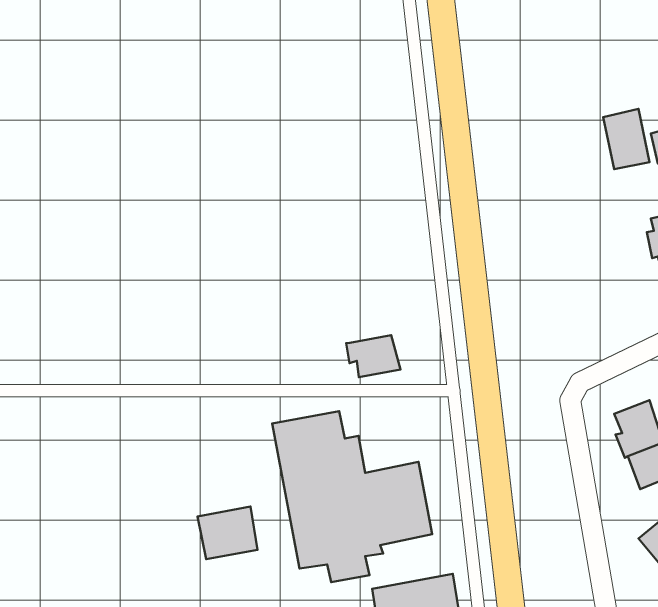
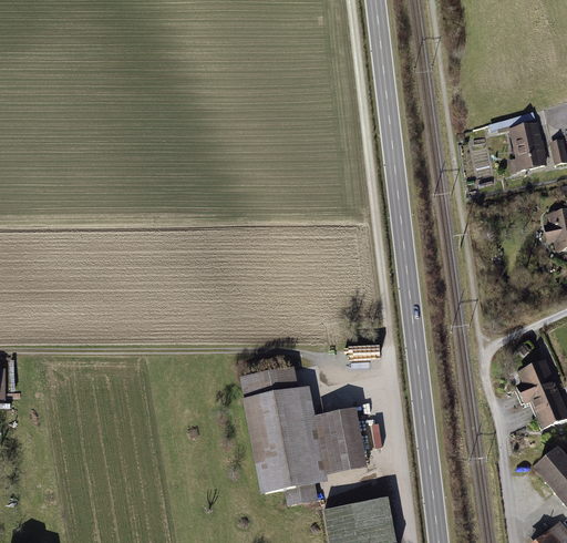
building: [346,335,401,377] -> none
building: [198,507,258,559] -> none

